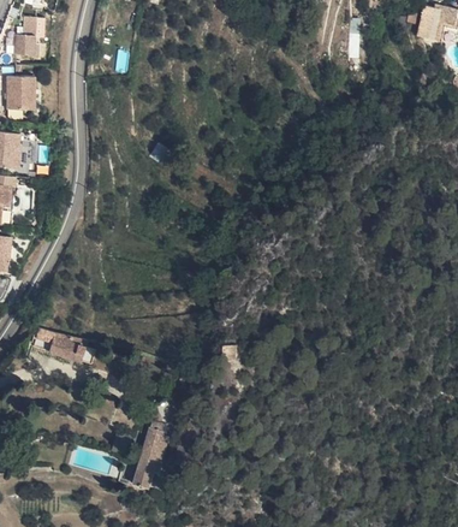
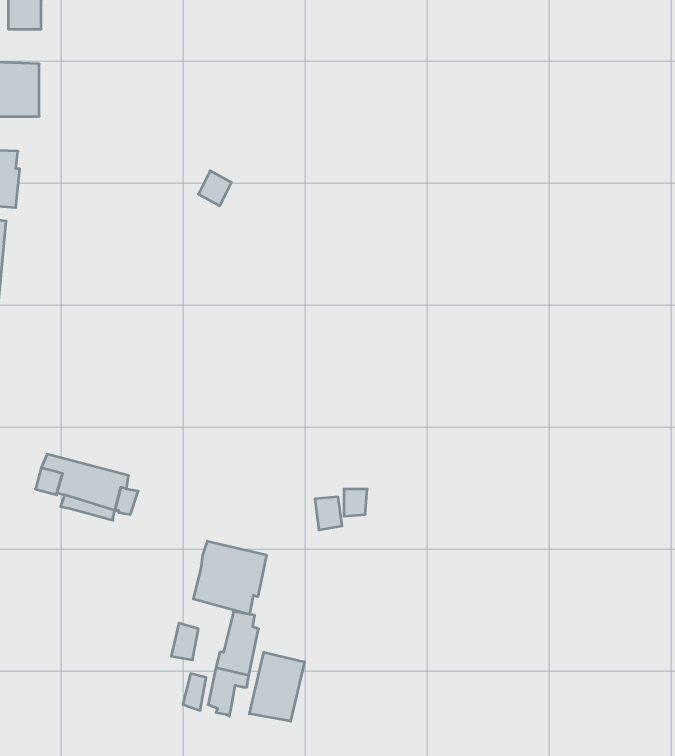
building: none -> [193,541,266,614]
building: none -> [249,652,305,721]

